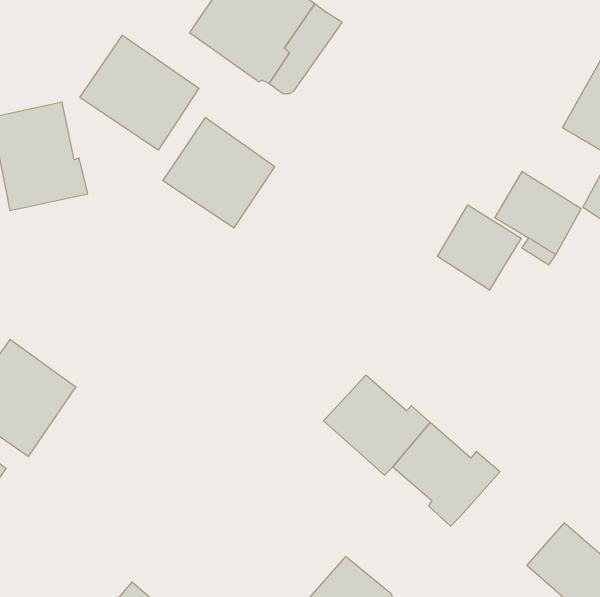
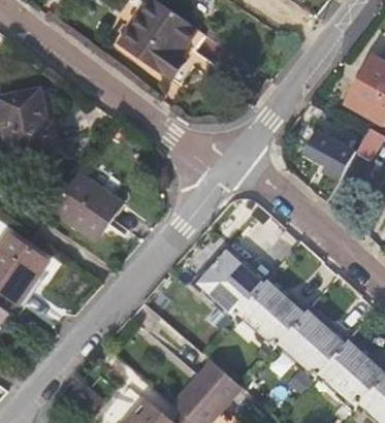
building: [80,35,199,150] -> none
building: [163,118,275,228] -> [53,170,121,237]
building: [438,205,521,290] -> none
building: none -> [283,312,346,376]

